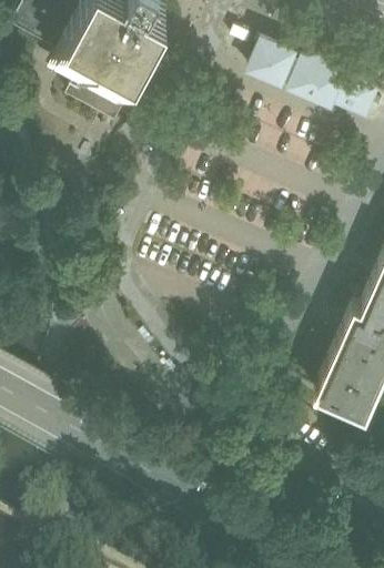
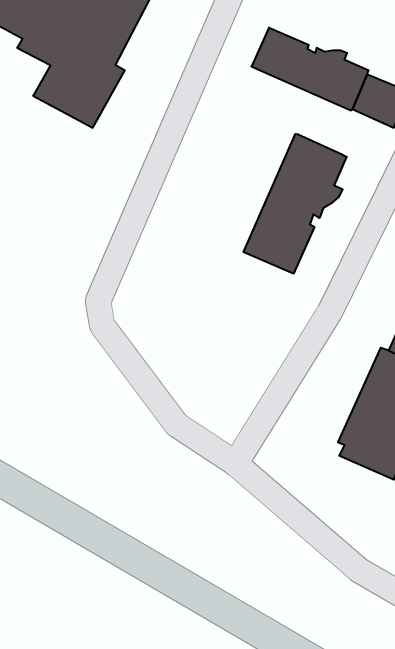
building: none -> [243,134,347,274]

